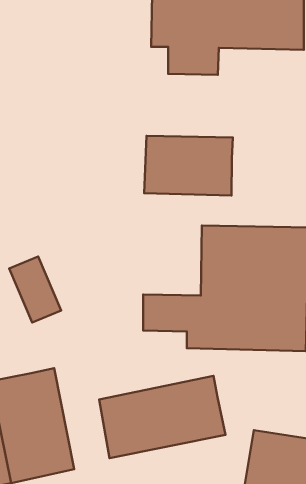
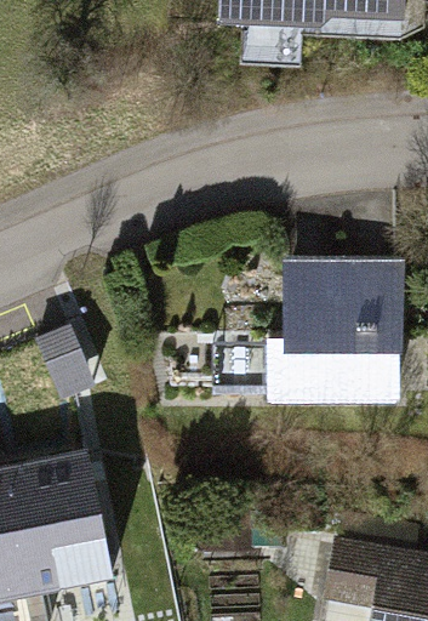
building: [144,136,233,196] -> none
building: [99,376,225,458] -> none

